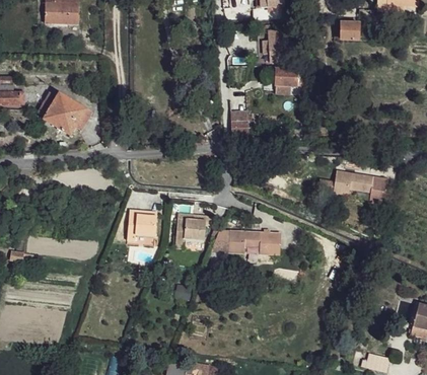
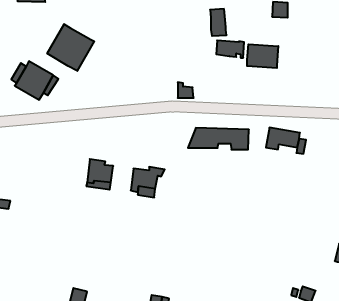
building: none -> [47,24,94,71]
building: none -> [247,44,278,68]
building: [212,230,283,255] -> [188,128,249,150]

